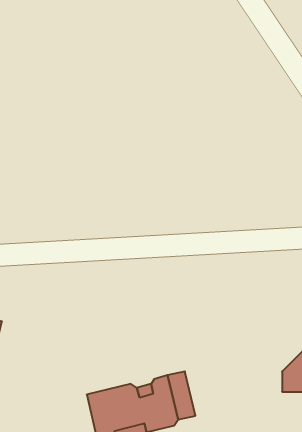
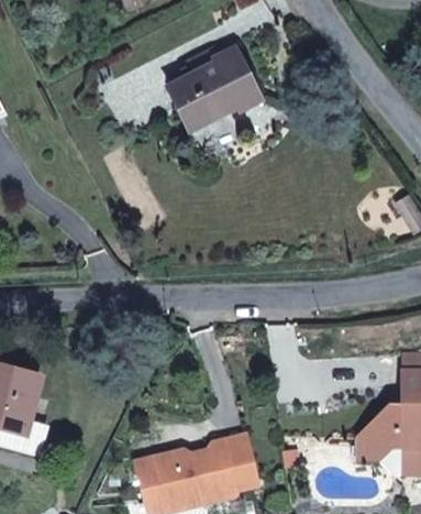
building: none -> [168,48,262,130]

